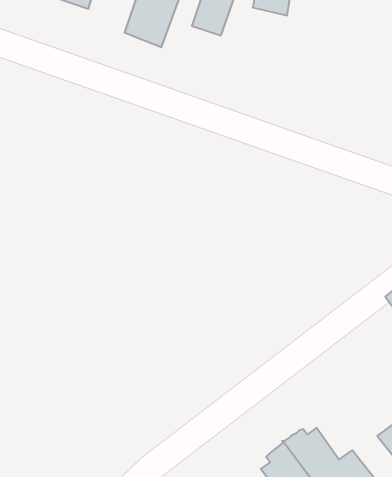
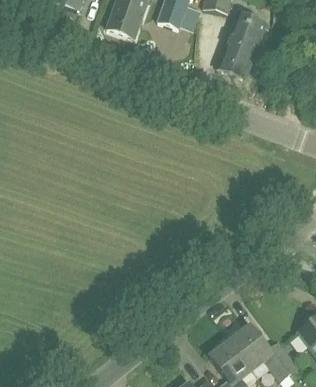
building: none -> [216,13,265,78]

